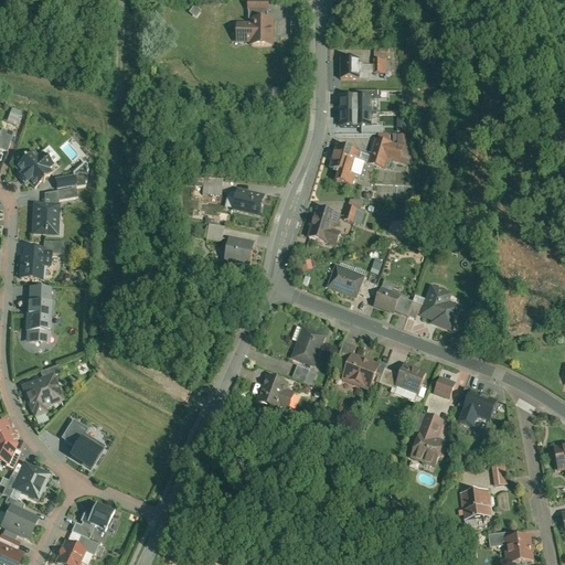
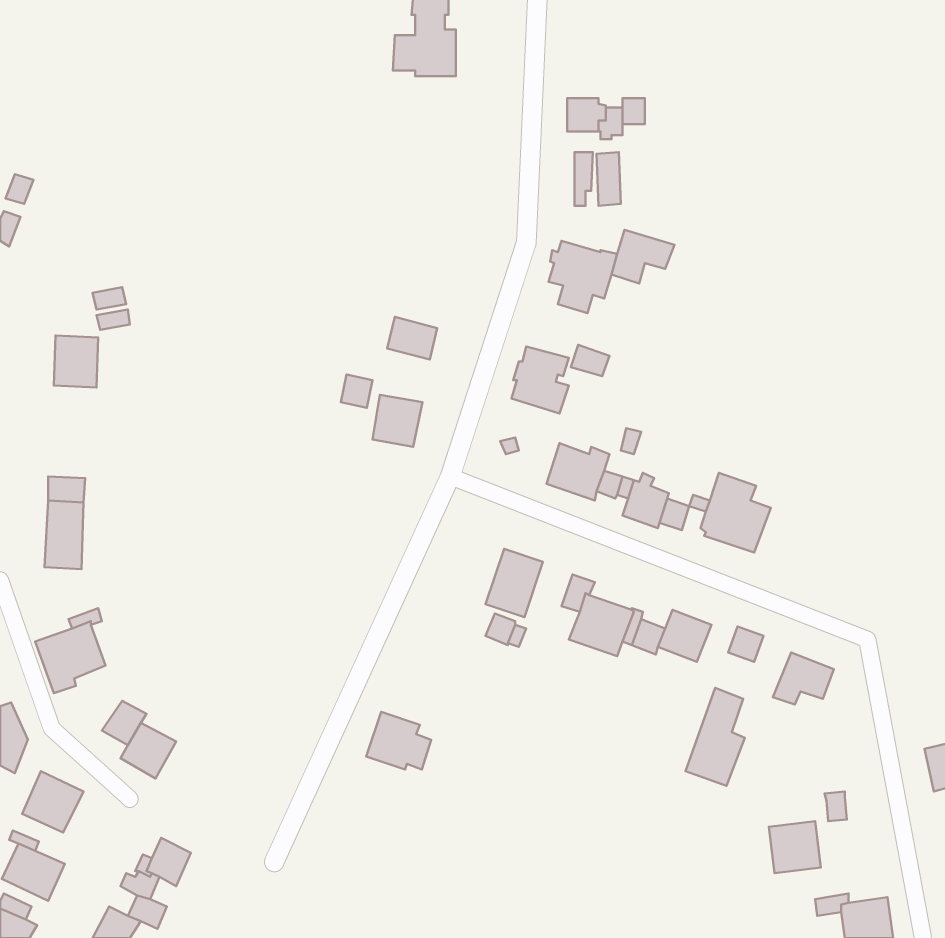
building: [15,148,53,184] -> none
building: [22,243,51,274] -> none
building: [254,375,292,409] -> [366,712,431,769]

